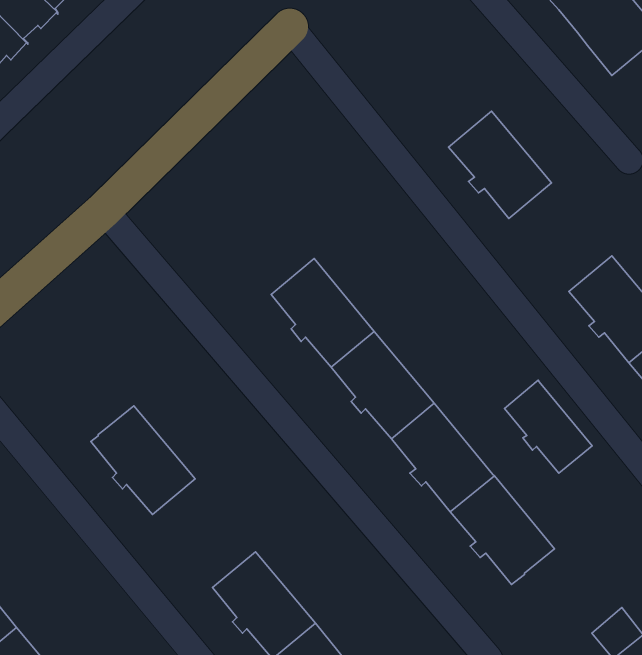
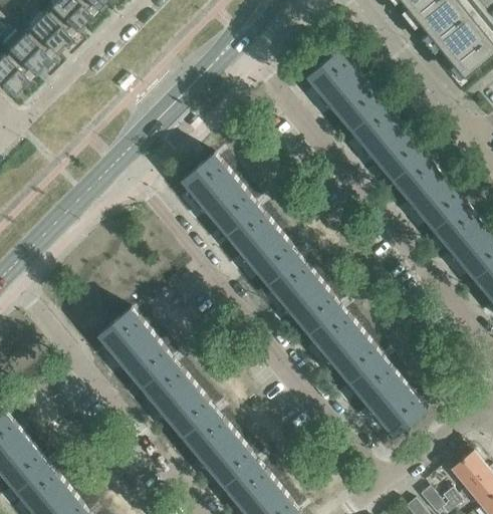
building: none -> [308,51,381,127]
building: none -> [393,153,465,229]
building: none -> [183,155,256,231]
building: [505,380,592,473] -> none
building: none -> [143,360,215,437]

